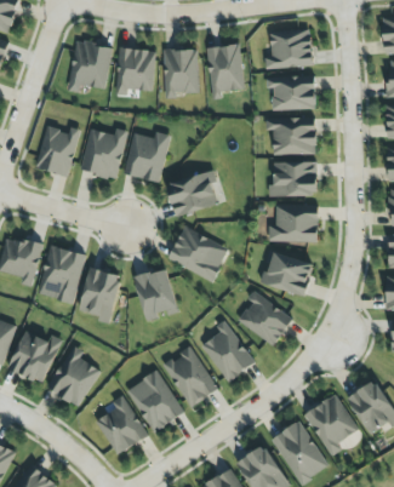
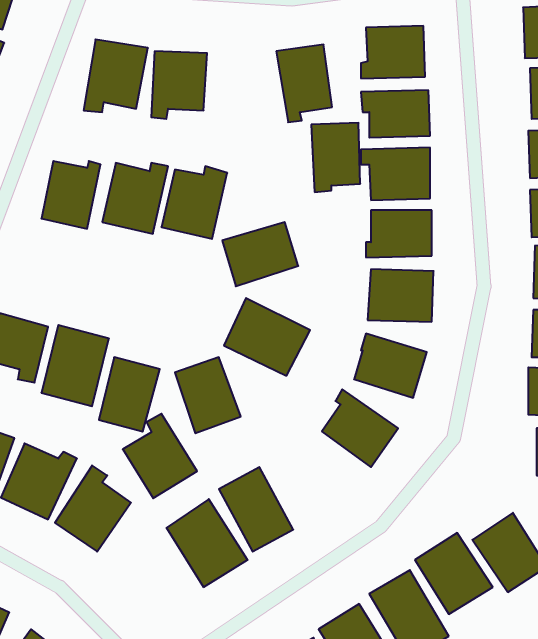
building: [162,48,198,98] -> [311,123,360,192]
building: [199,323,256,383] -> none
building: [95,395,148,456] -> [123,414,197,498]

